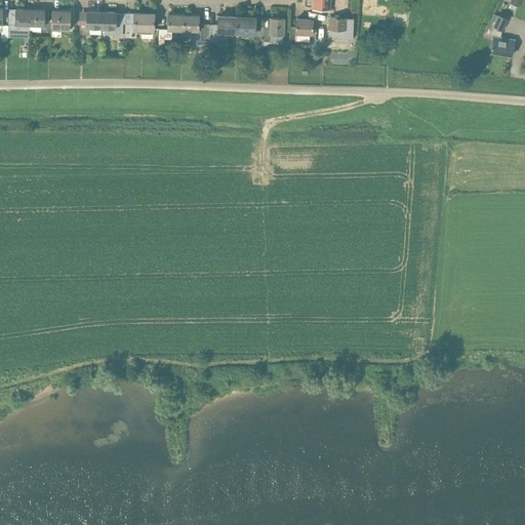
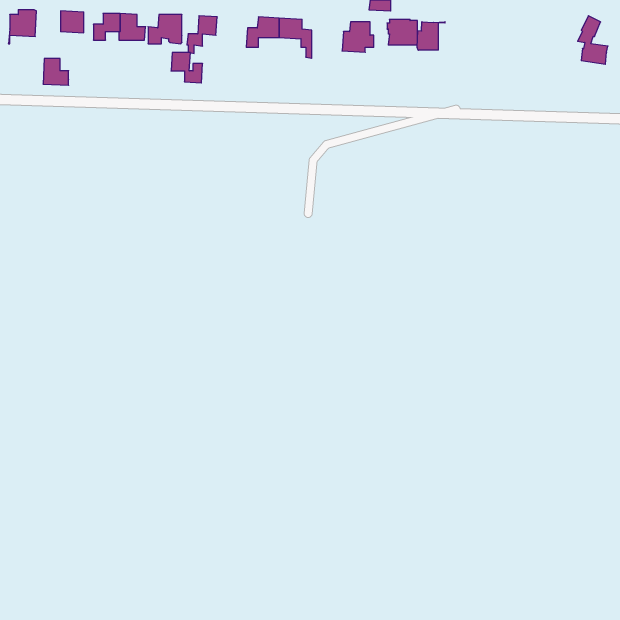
building: [30,9,51,32] -> [43,59,69,85]
building: [183,14,209,40] -> [171,53,203,83]
building: [264,17,284,45] -> none
building: none -> [417,22,445,50]

